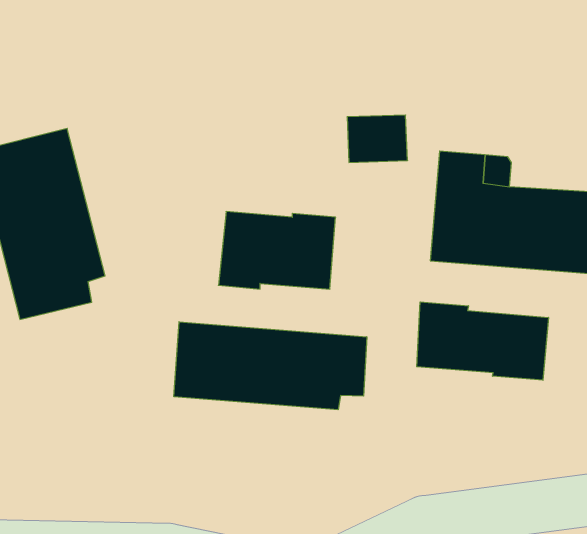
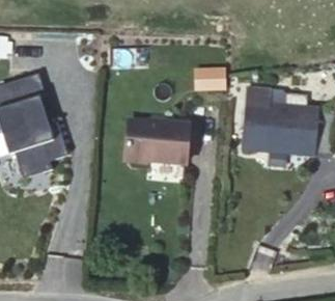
building: [417,302,548,380] -> none
building: [174,322,367,410] -> none

